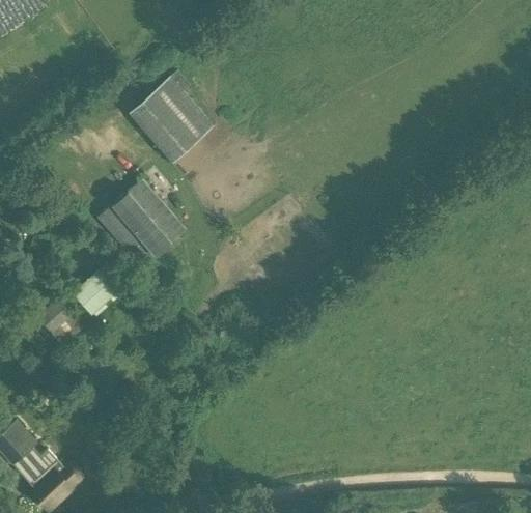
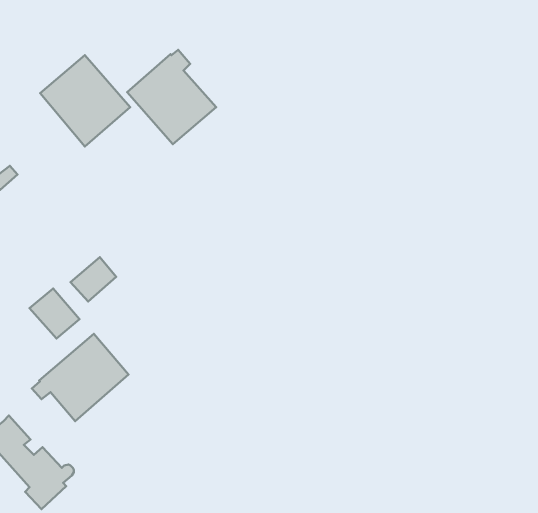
building: [100,180,186,267] -> [40,55,130,146]
building: none -> [32,334,129,421]

